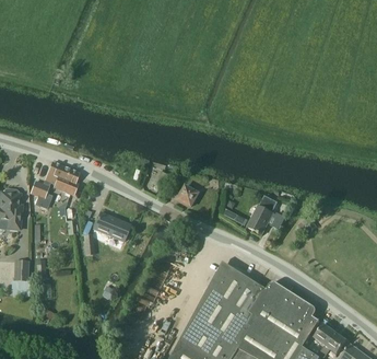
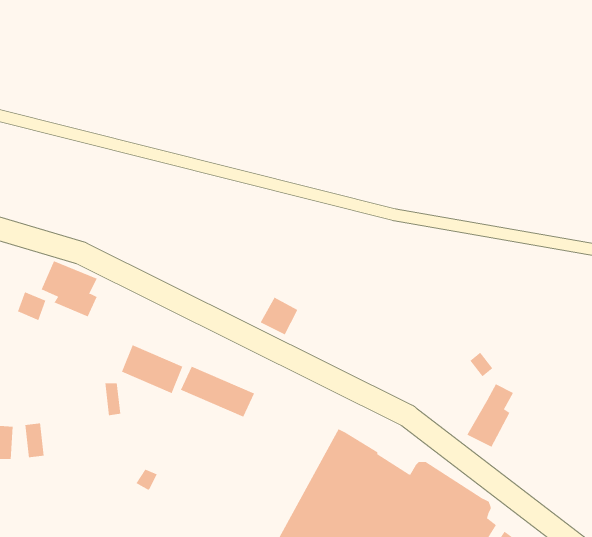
building: [246,196,274,234] -> [466,384,514,448]
building: none -> [180,366,255,417]

